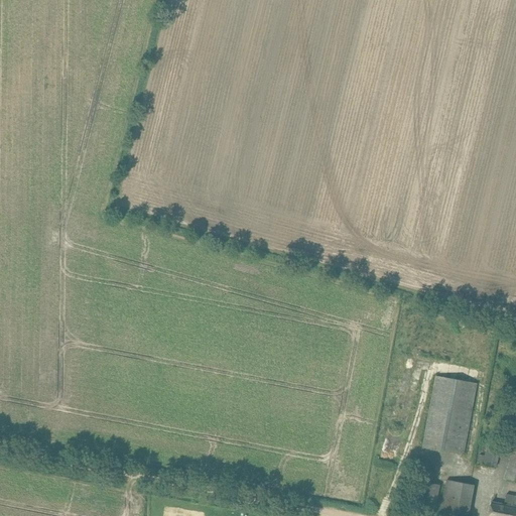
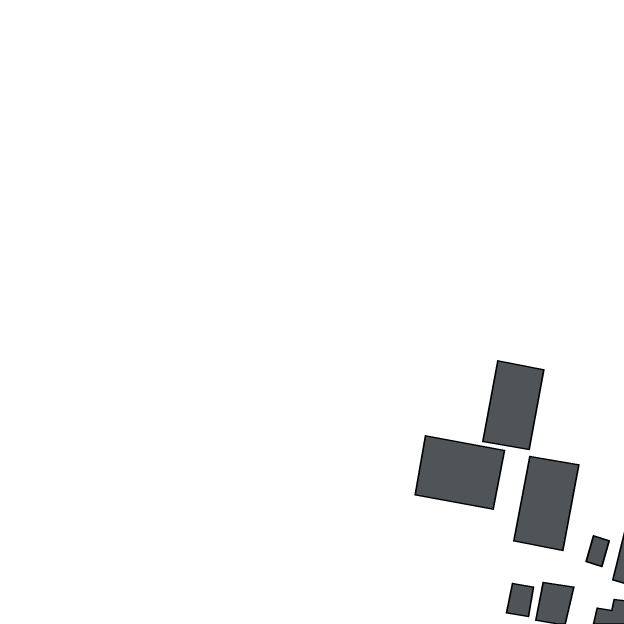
building: none -> [483,361,544,449]
building: none -> [415,436,505,509]

